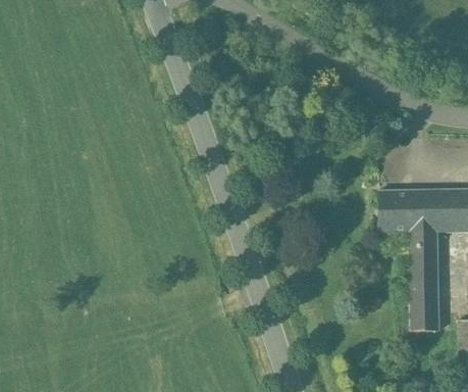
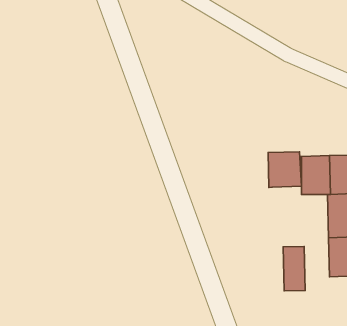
building: none -> [268,152,301,187]
building: none -> [283,247,305,291]

